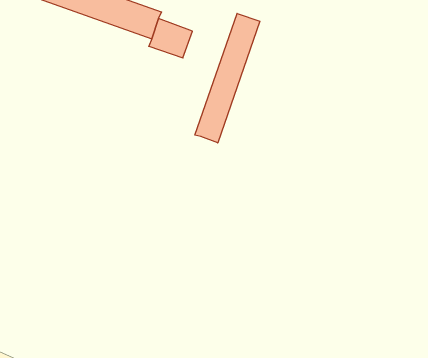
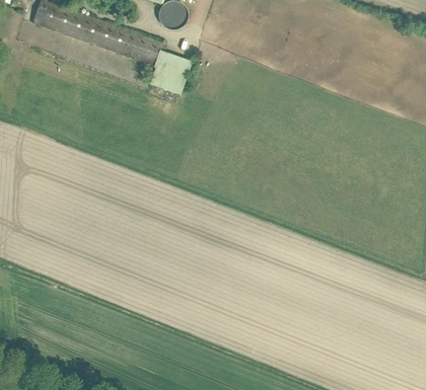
building: [195,13,260,143] -> none

